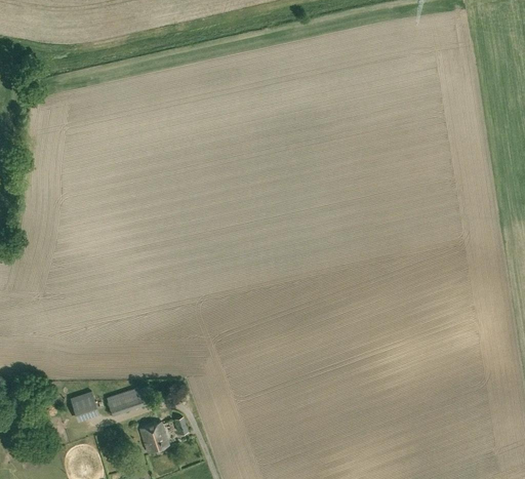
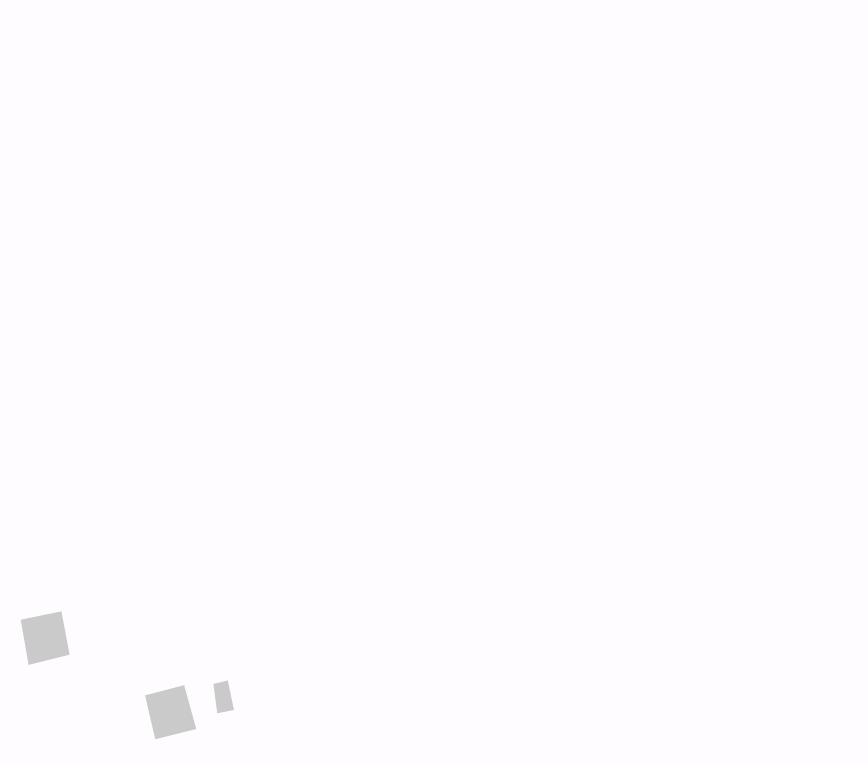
building: [107,388,147,416] -> none

